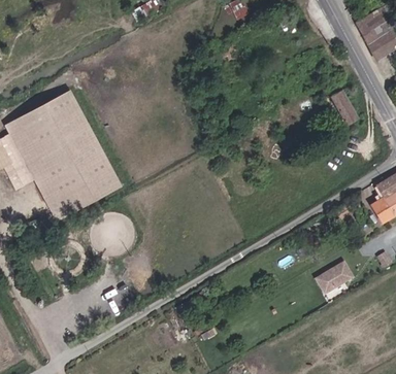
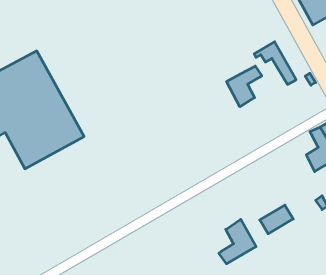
building: none -> [227,66,262,107]
building: none -> [219,219,256,264]

